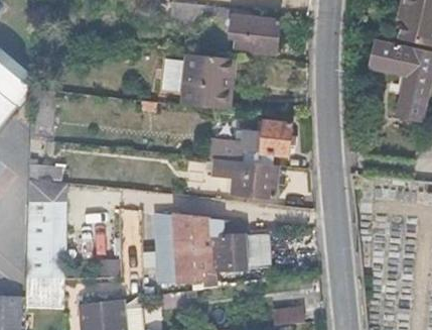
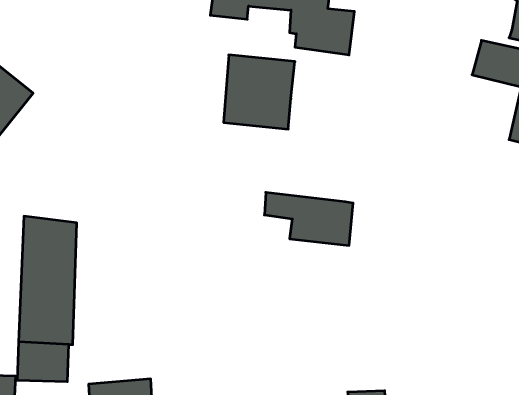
building: [212,122,298,164] -> none
building: [153,212,270,282] -> none

